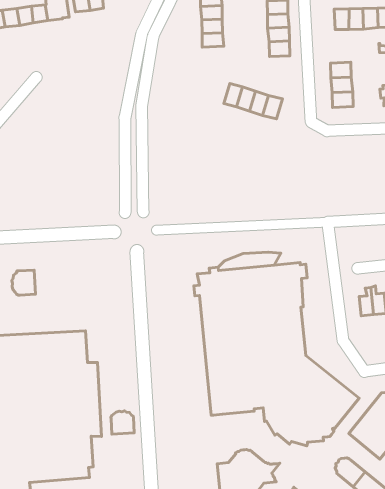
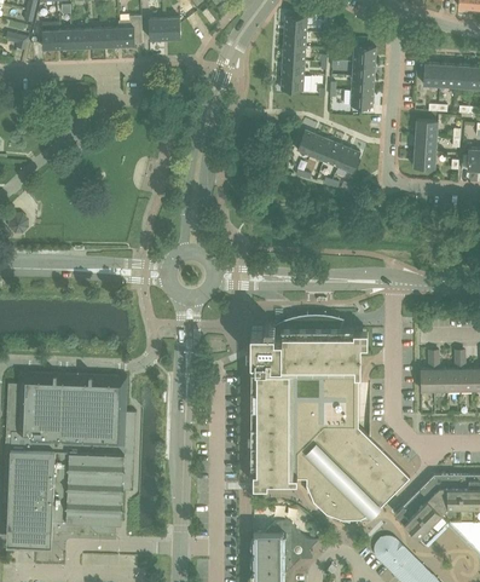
building: [12,270,36,295] -> none
building: [111,411,134,434] -> none

